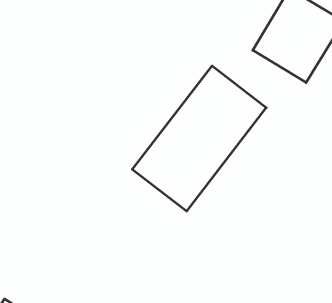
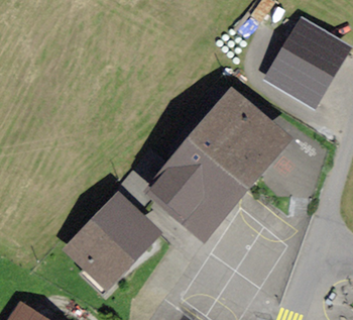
building: none -> [70,202,156,290]

